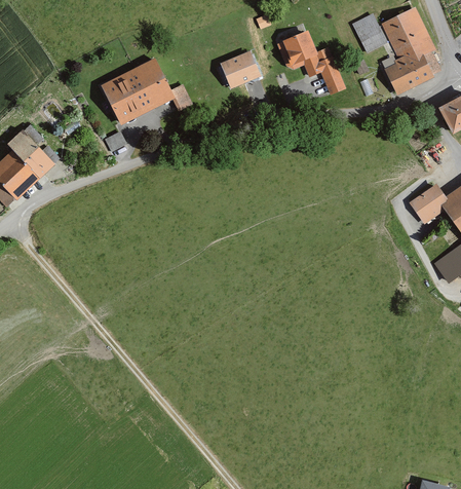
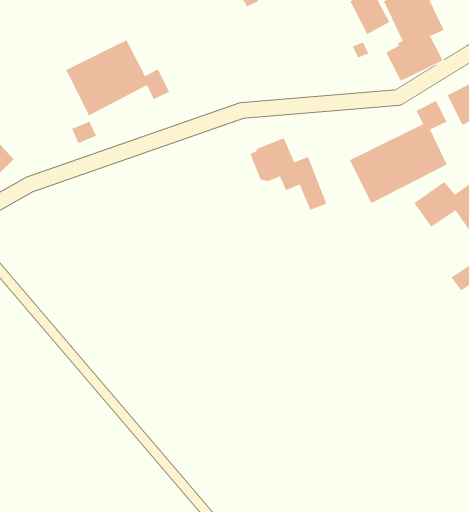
building: [277,30,346,95] -> [249,138,327,211]
building: [220,50,261,88] -> none
building: none -> [349,100,447,204]

